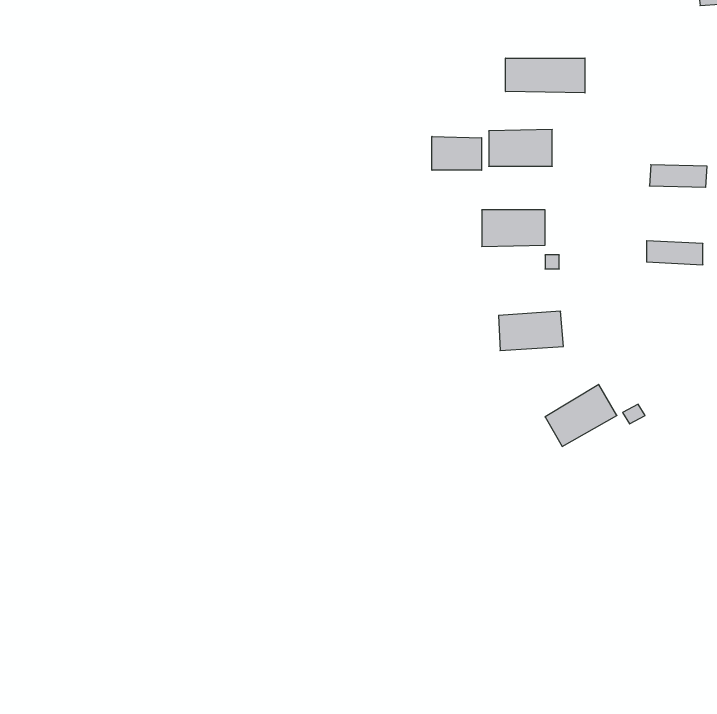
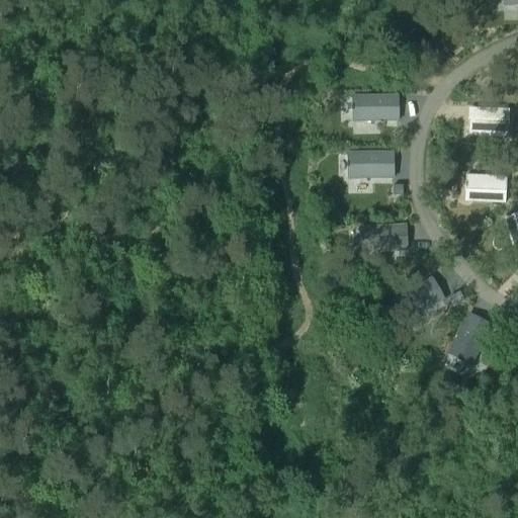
building: [506,58,585,93] -> none
building: [432,136,482,170] -> none
building: none -> [449,313,493,365]

